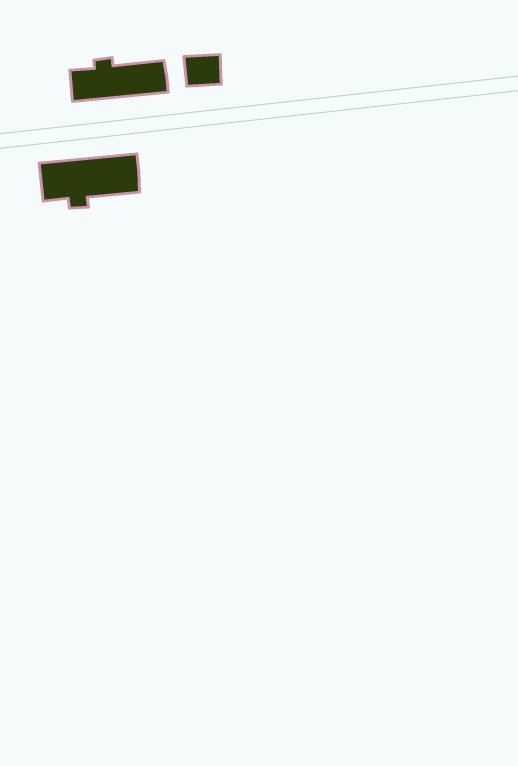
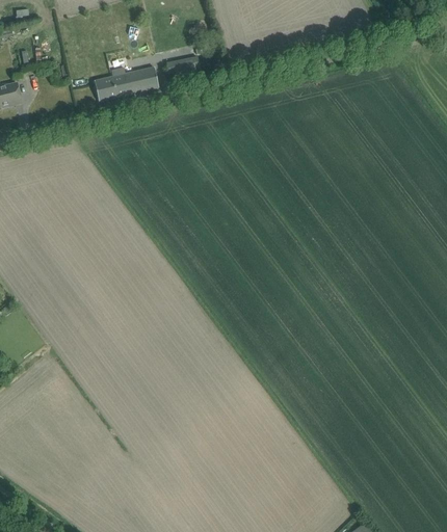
building: [39,154,139,208] -> none

